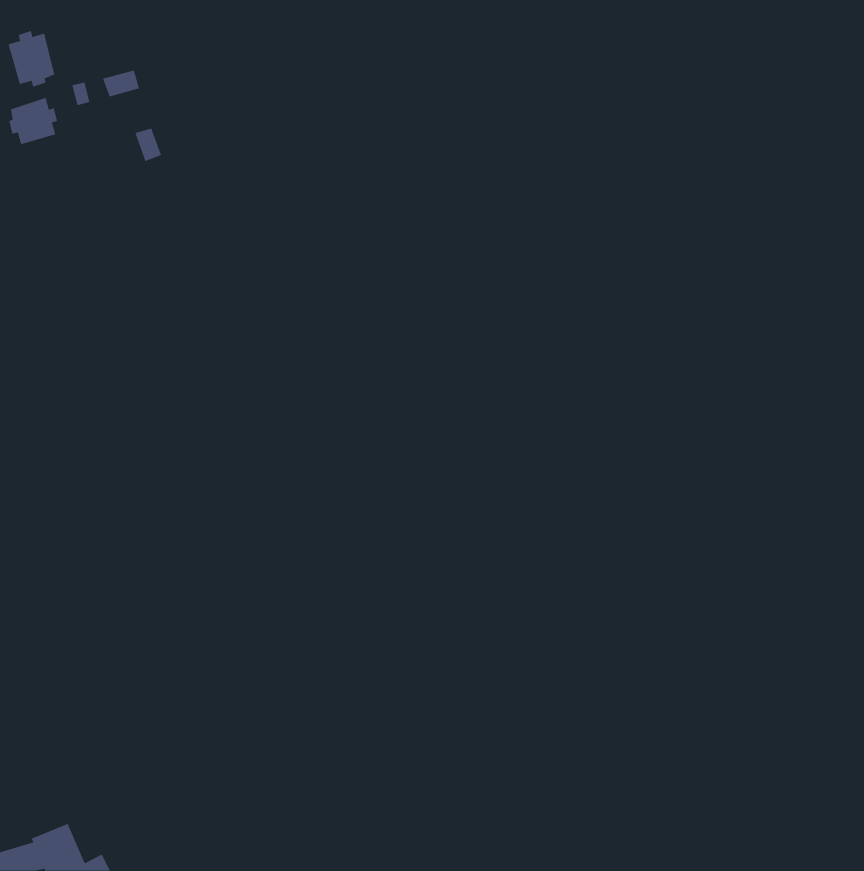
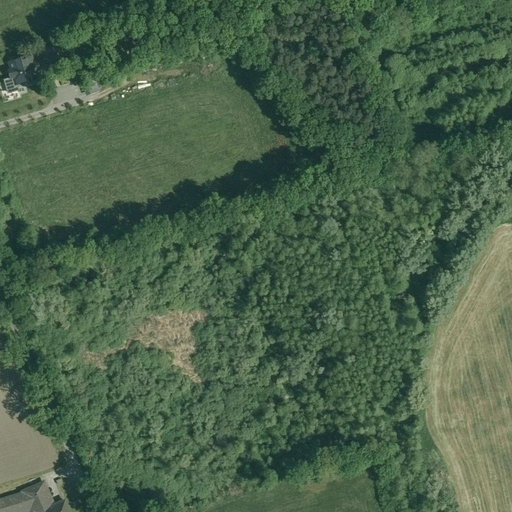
building: [8,30,55,88] -> none

